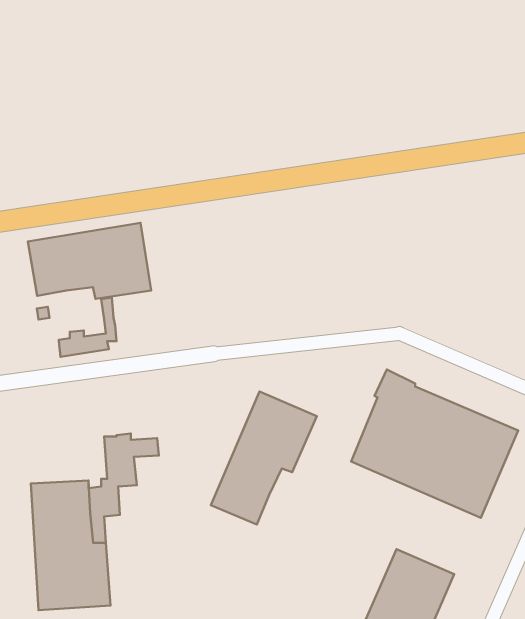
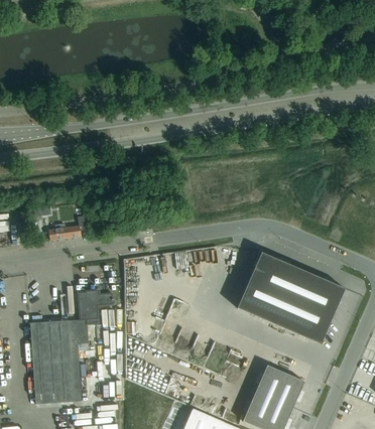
building: [28,223,151,299] -> none
building: [211,391,317,525] -> none

